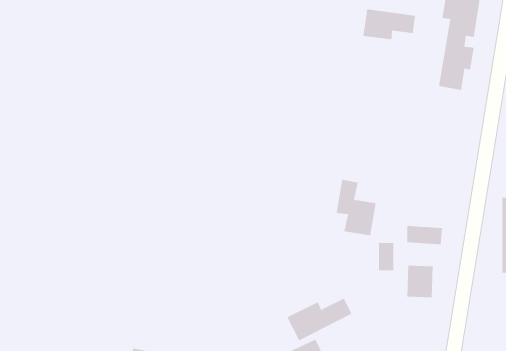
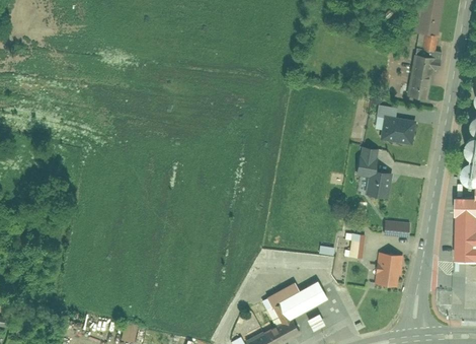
building: [363,9,416,40] -> none
building: none -> [378,107,419,147]
building: [336,179,376,236] -> [360,152,396,203]

